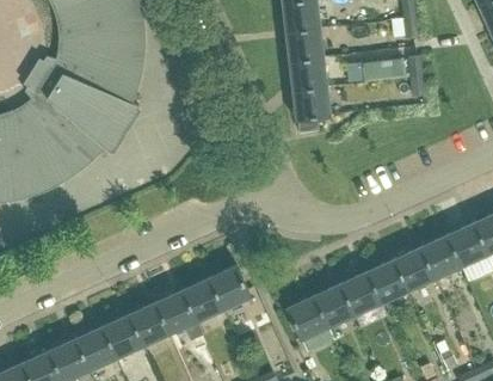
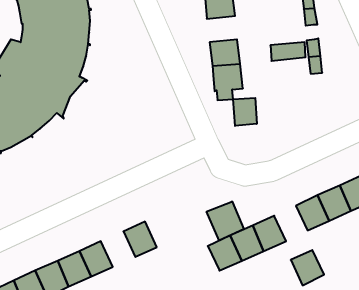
building: [285,27,322,60] -> none
building: none -> [233,98,257,126]
building: none -> [207,201,244,240]
building: [368,259,408,302] -> [291,250,324,285]
building: [210,265,252,309] -> none
building: [156,290,203,340] -> none

